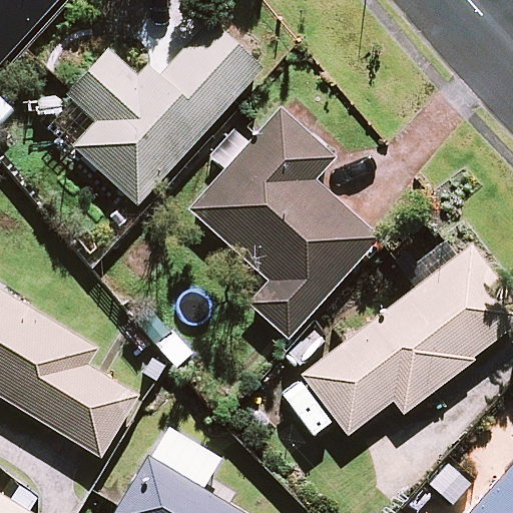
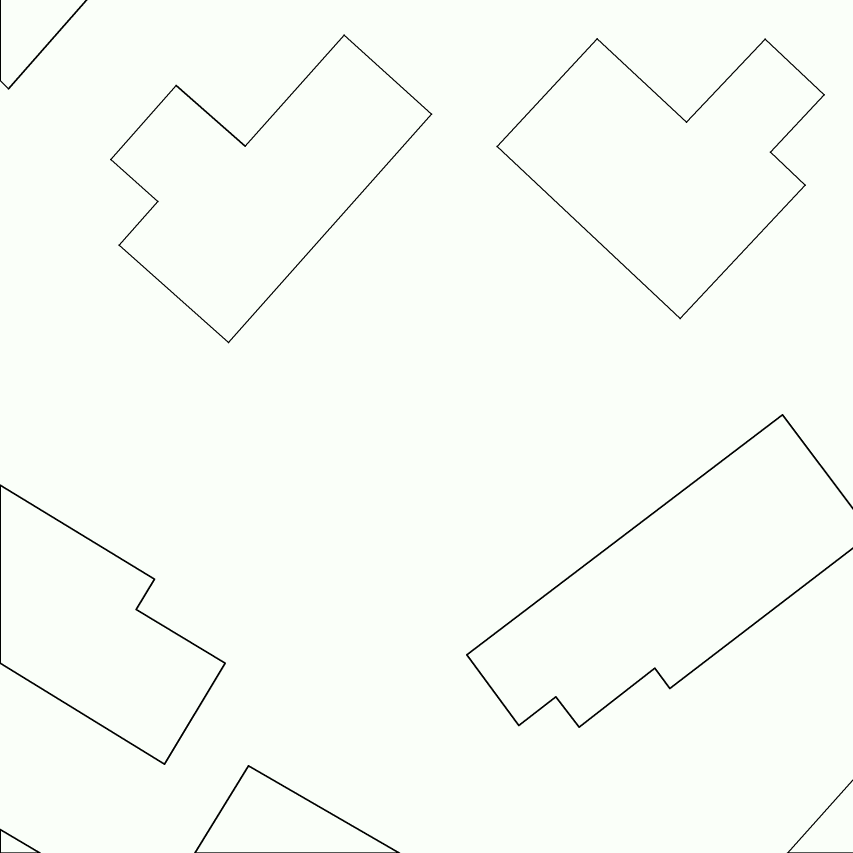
building: none -> [497,39,824,318]
building: [191,111,377,337] -> none

